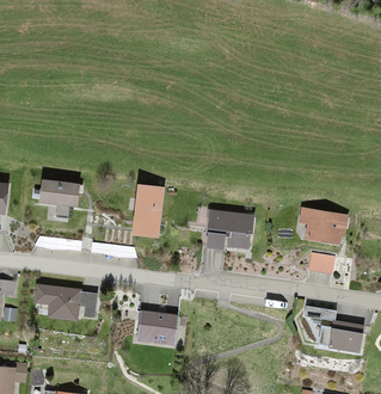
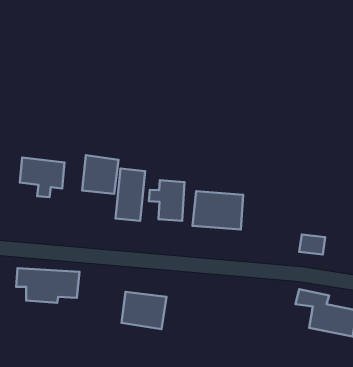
building: none -> [82,155,118,194]
building: none -> [149,180,184,221]
building: [299,203,349,241] -> none

